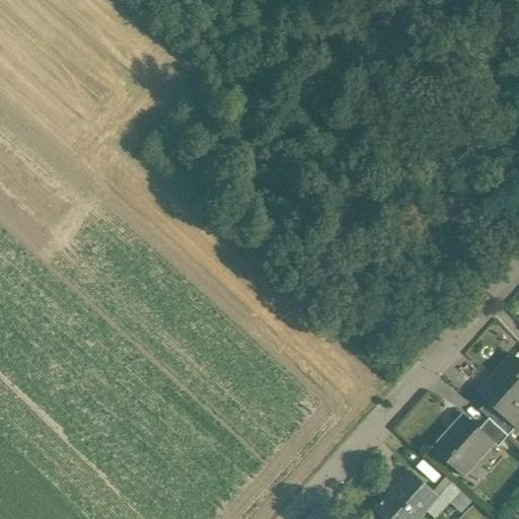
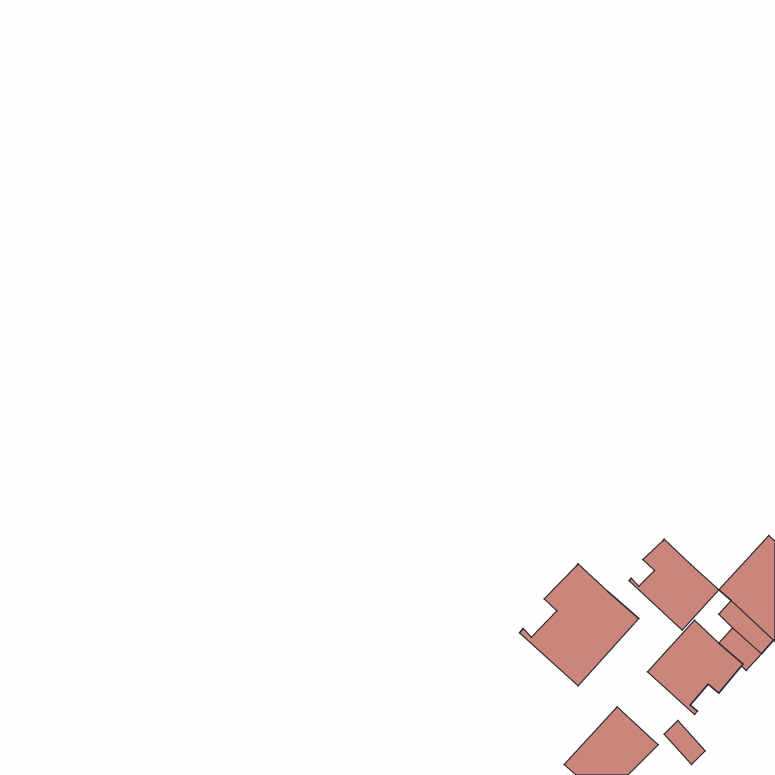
building: none -> [629,539,719,630]
building: none -> [520,564,639,686]

